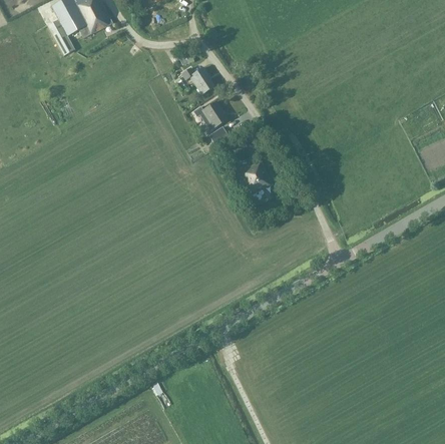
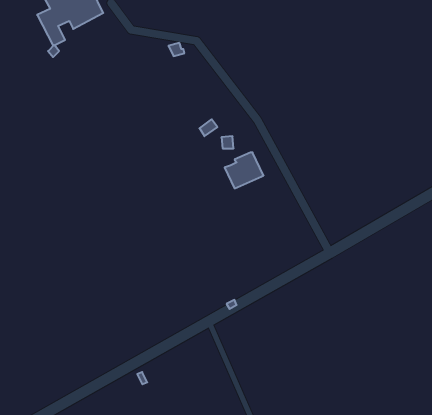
building: [182,66,215,95] -> none
building: [194,101,228,130] -> none

